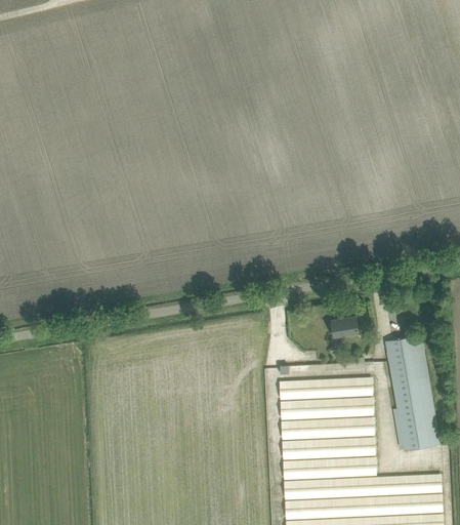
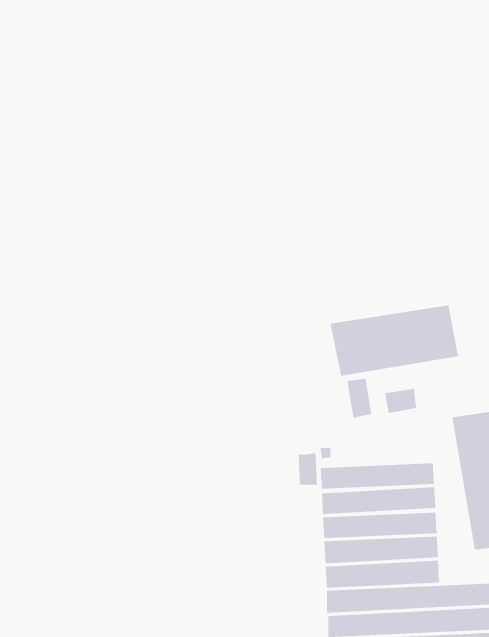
building: none -> [330,305,459,376]
building: none -> [347,378,372,419]
building: none -> [298,453,317,486]

